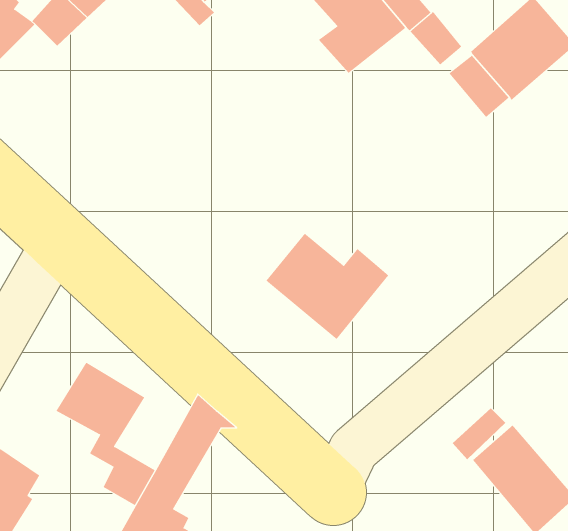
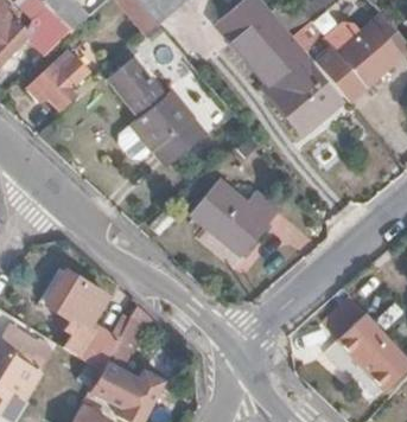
building: none -> [28,50,88,109]
building: none -> [109,58,205,165]
building: none -> [262,63,342,135]

